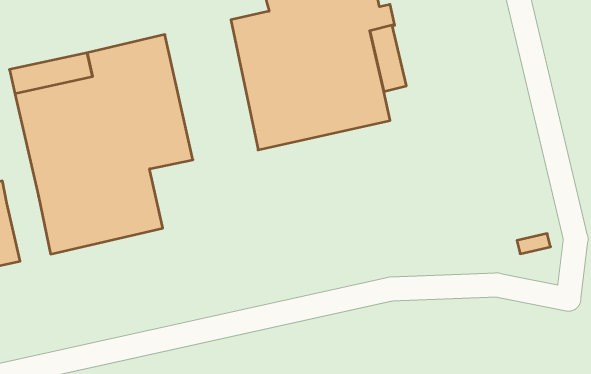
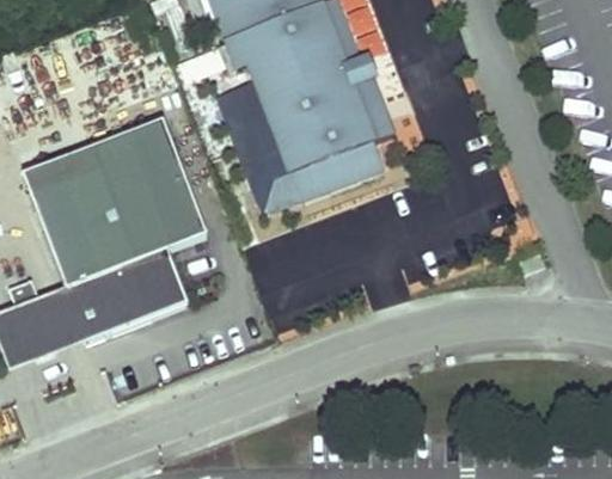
building: none -> [36,285,84,349]

